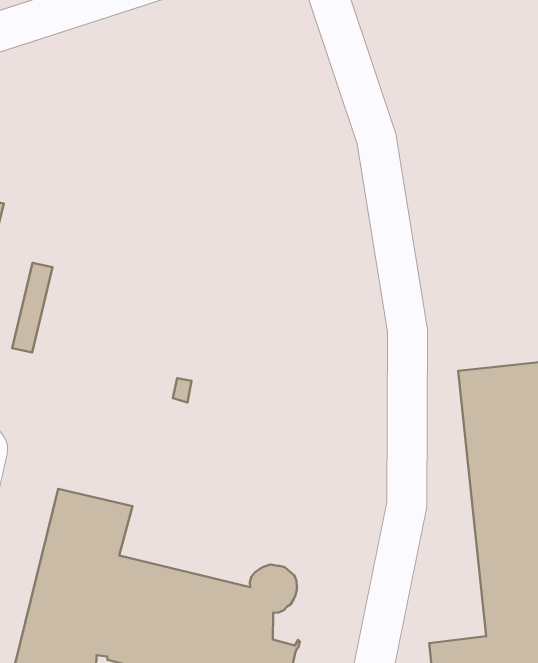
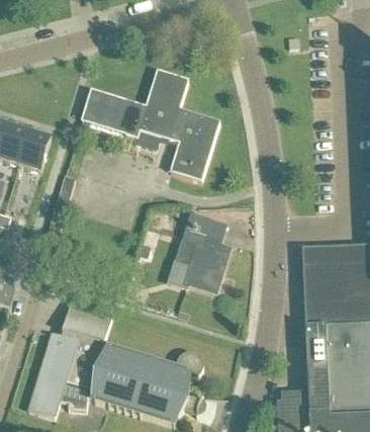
building: none -> [83,68,221,179]
building: none -> [171,213,230,290]

